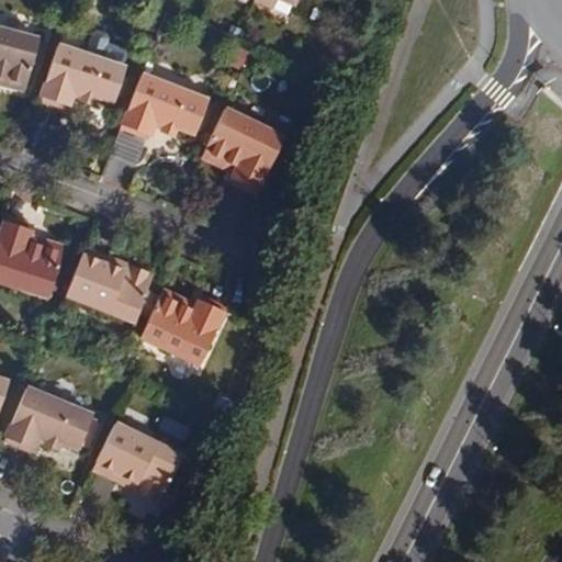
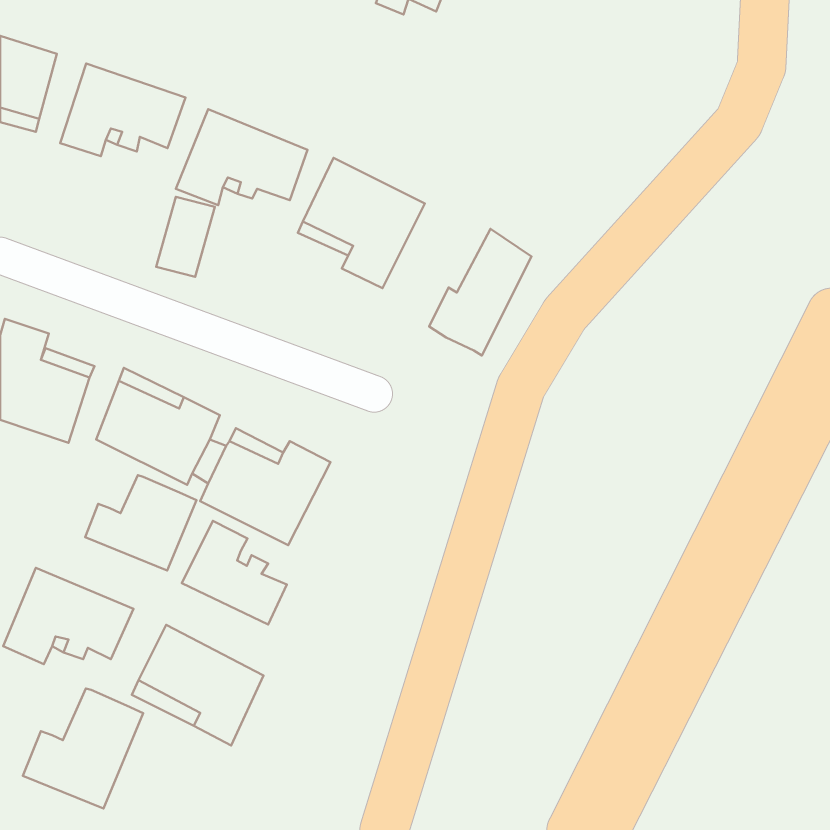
building: none -> [429,229,532,355]
building: none -> [85,475,196,571]
building: none -> [182,521,287,625]
building: none -> [23,688,143,809]

